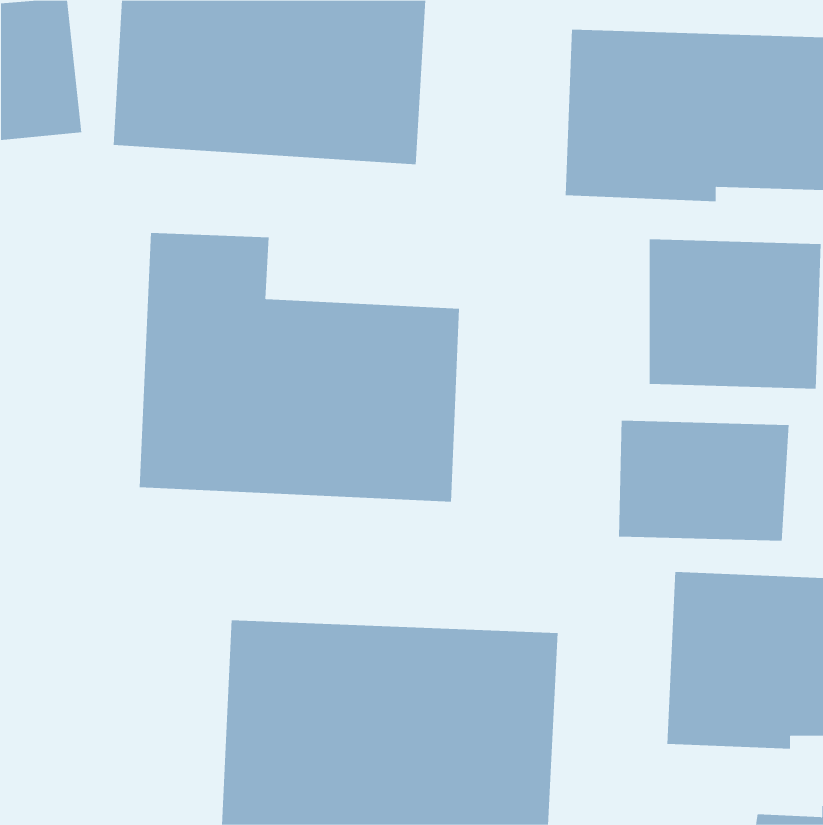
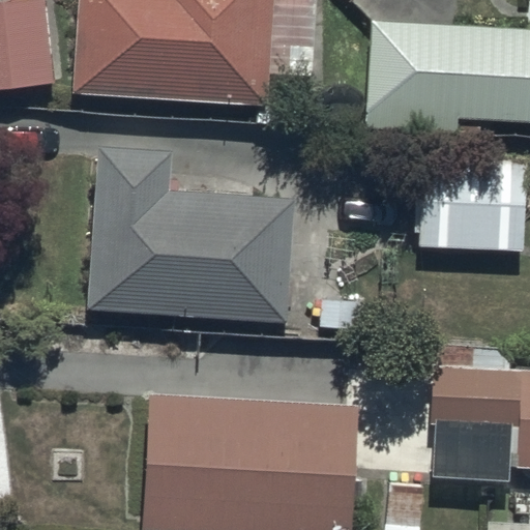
building: [619,420,789,542] -> none

